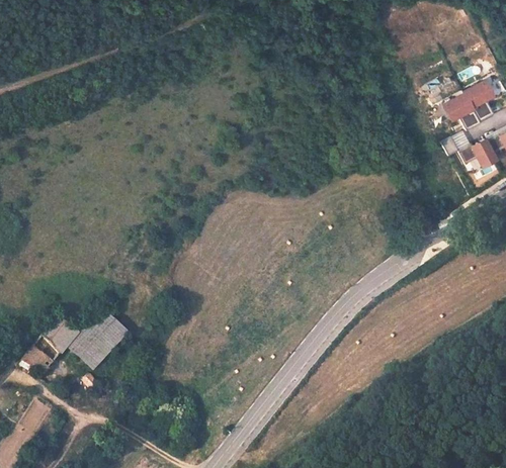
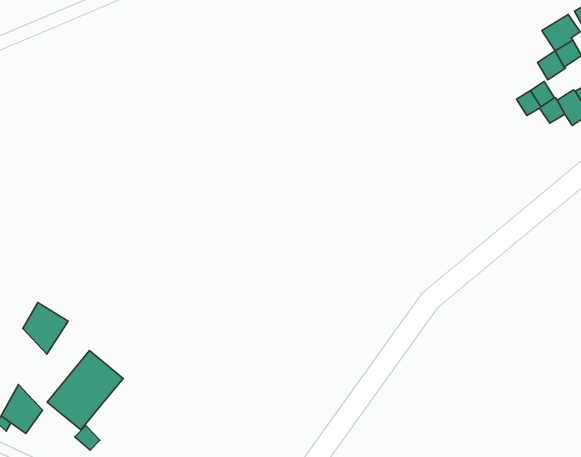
building: [444,93,474,118] -> none
building: [41,316,77,357] -> [23,302,68,354]

